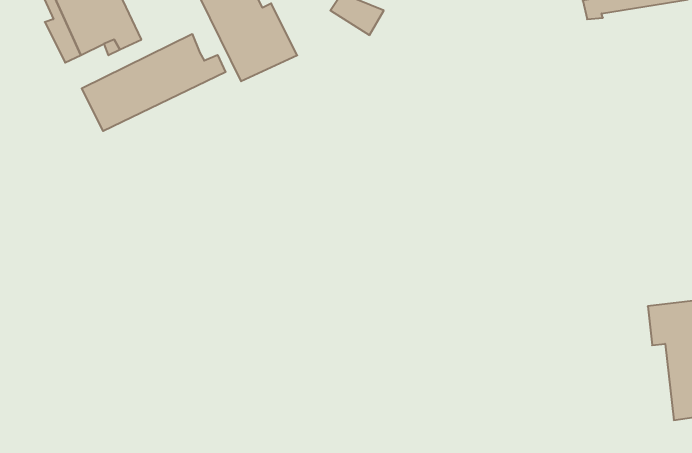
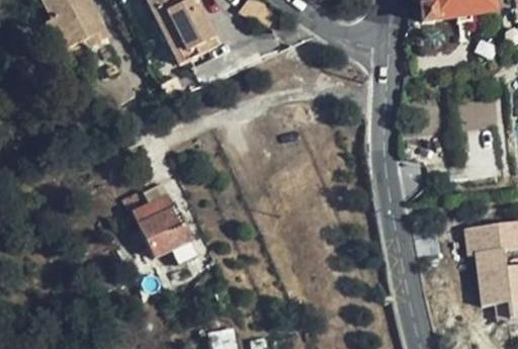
building: [82,34,226,131] -> none
building: none -> [125,176,190,257]

